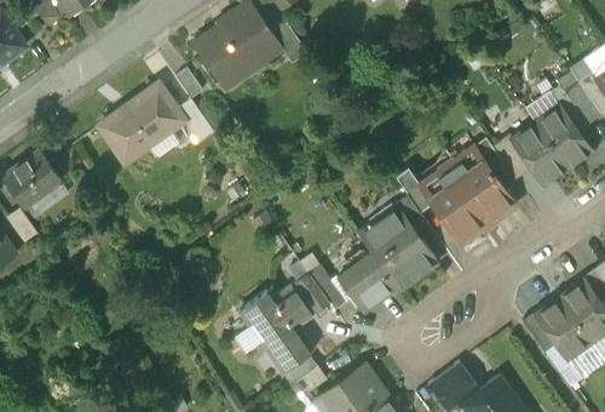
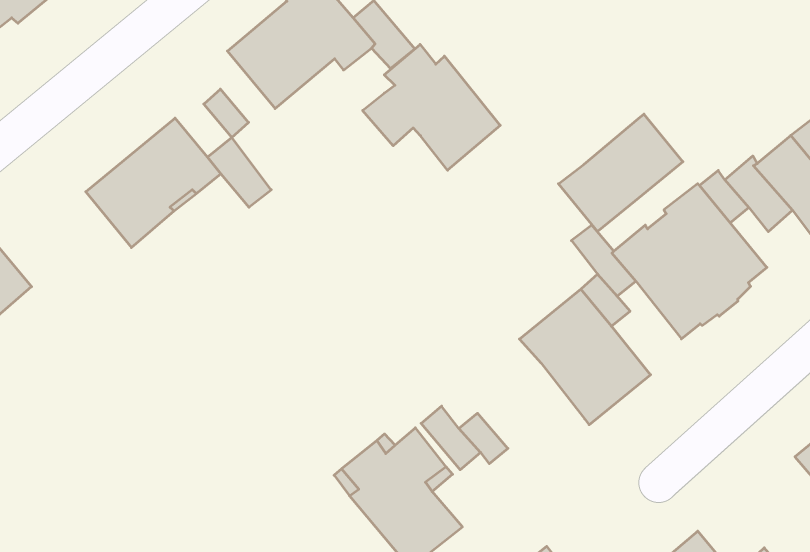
building: none -> [363,44,500,170]
building: none -> [558,114,683,232]
building: [336,252,394,311] -> none

